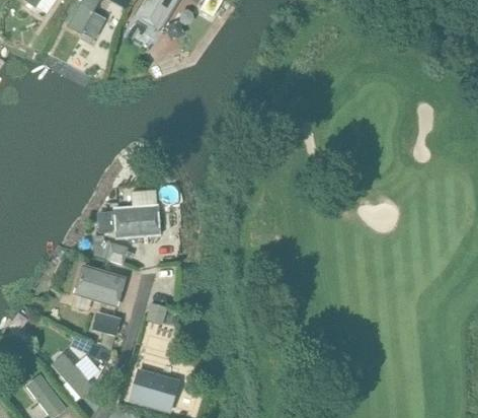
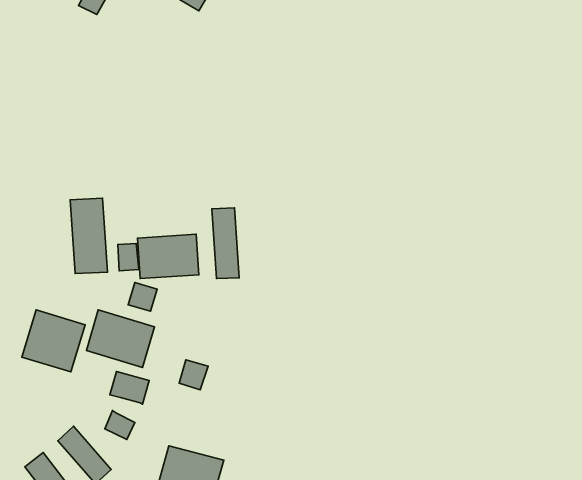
building: none -> [70,198,107,274]
building: none -> [212,208,239,279]
building: none -> [22,310,85,372]

